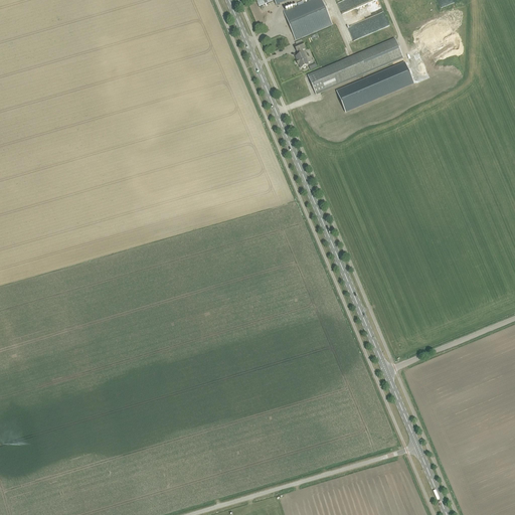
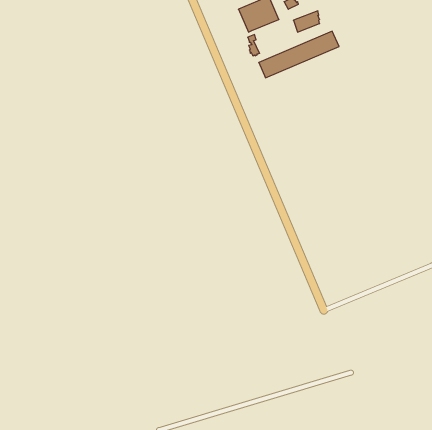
building: [337,61,413,111] -> none

